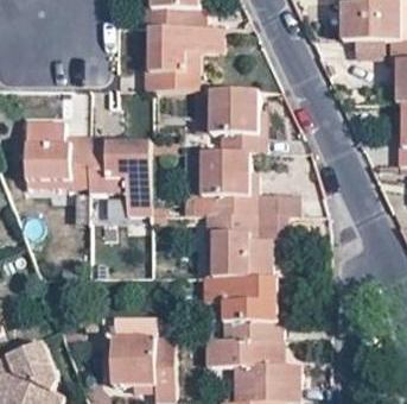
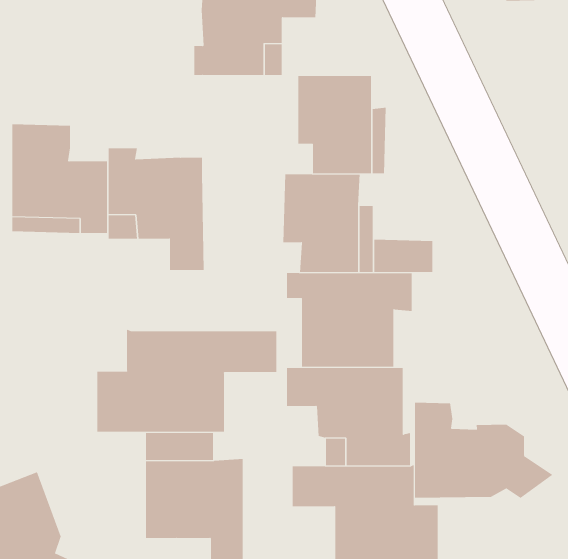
building: none -> [97,329,277,432]
building: none -> [414,402,553,499]

